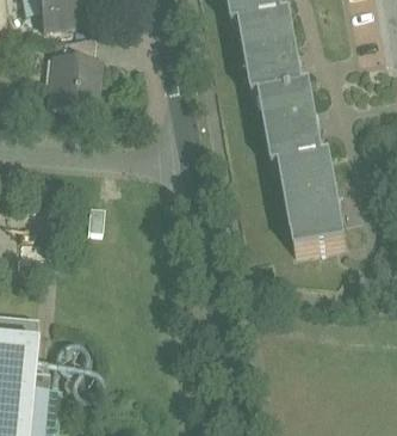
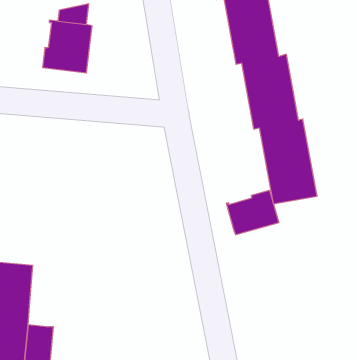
building: none -> [226,190,279,235]

